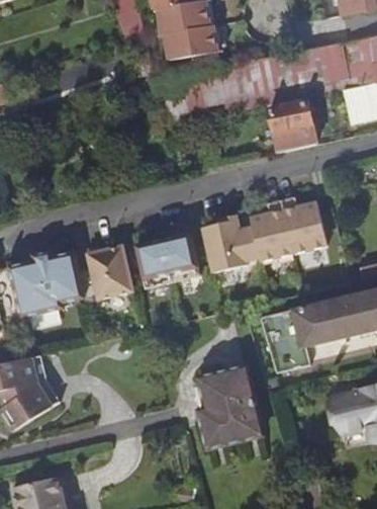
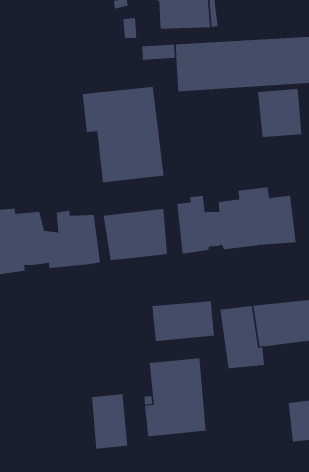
building: none -> [82,86,164,183]
building: none -> [152,300,214,342]
building: none -> [91,394,128,449]

